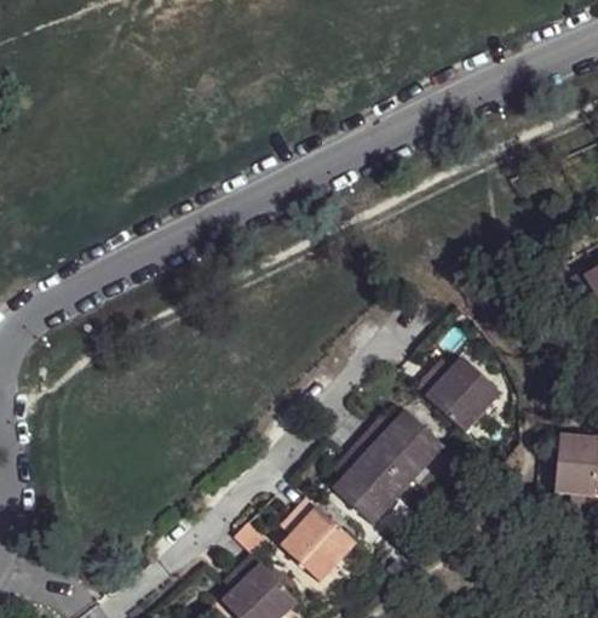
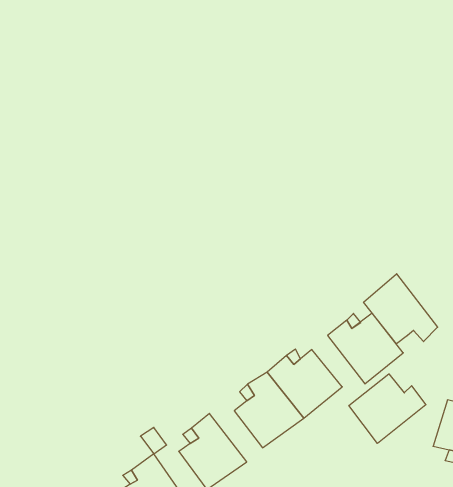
building: none -> [364,274,438,344]
building: none -> [349,374,426,443]

